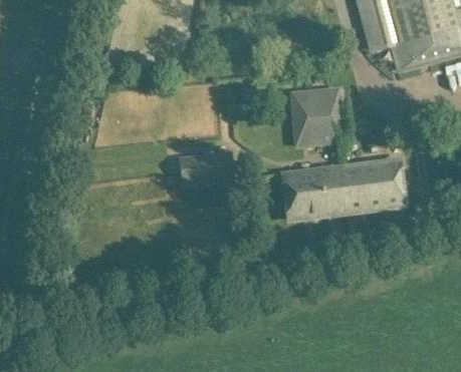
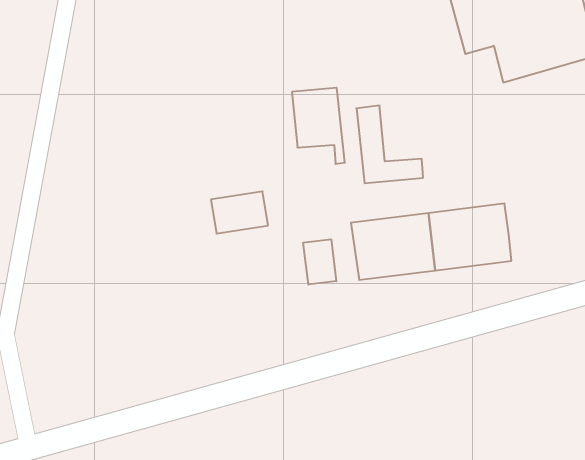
building: [305,86,344,142] -> [292,88,345,164]
building: none -> [303,239,336,285]

